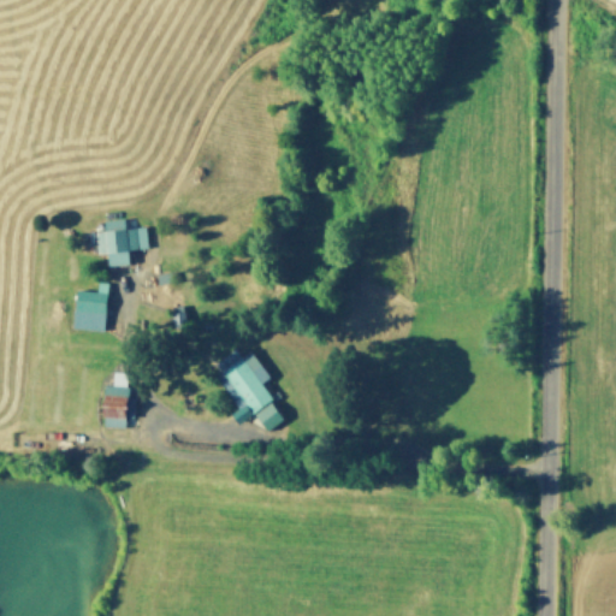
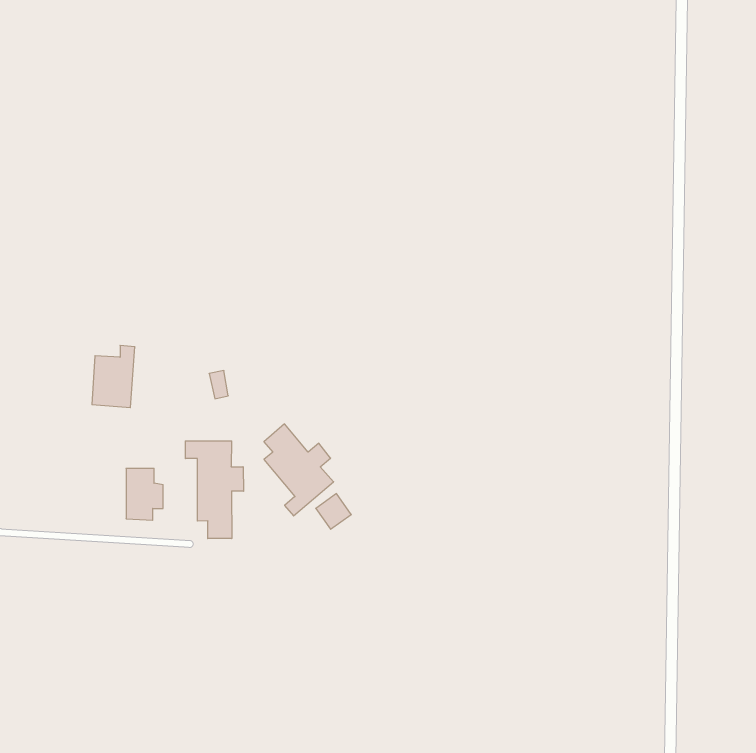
building: [93,217,137,253] -> none
building: none -> [185,441,244,539]

